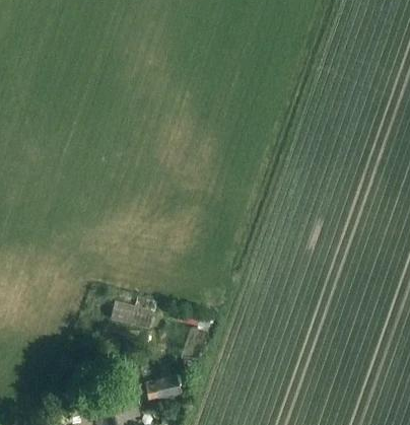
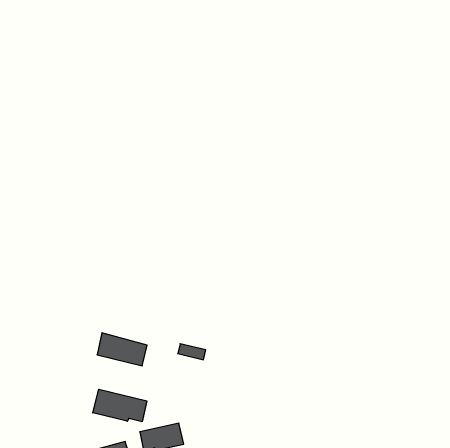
building: none -> [93,389,147,422]

